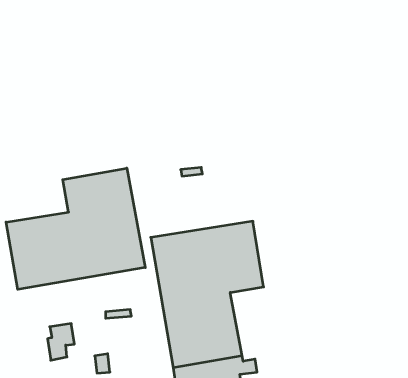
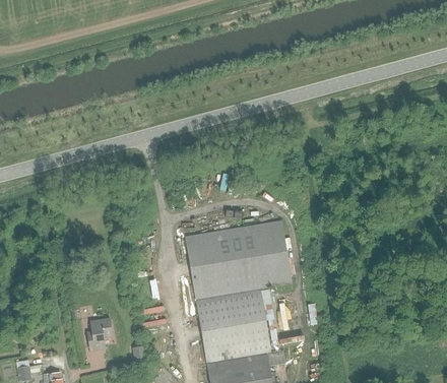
building: [6,168,145,289] -> none

